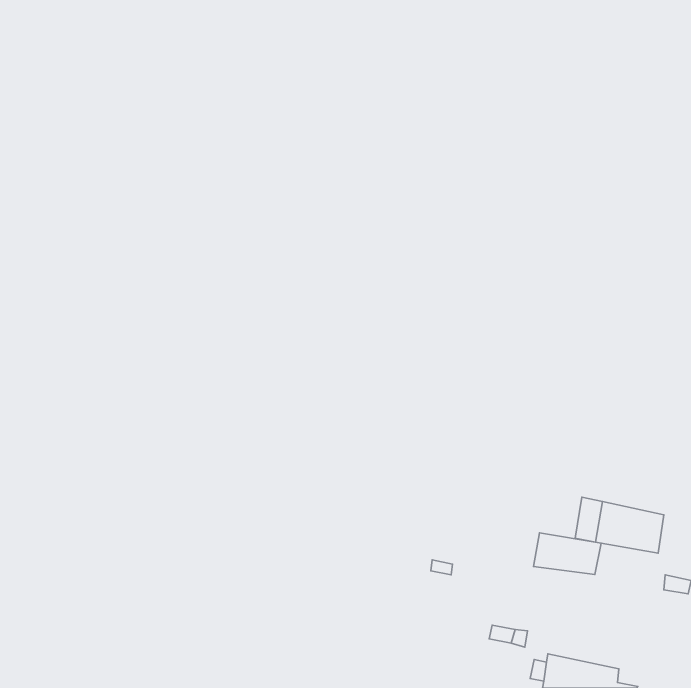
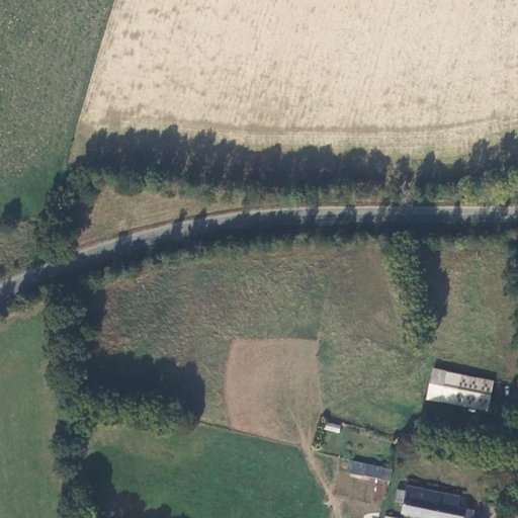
building: [533,533,601,574] -> none

